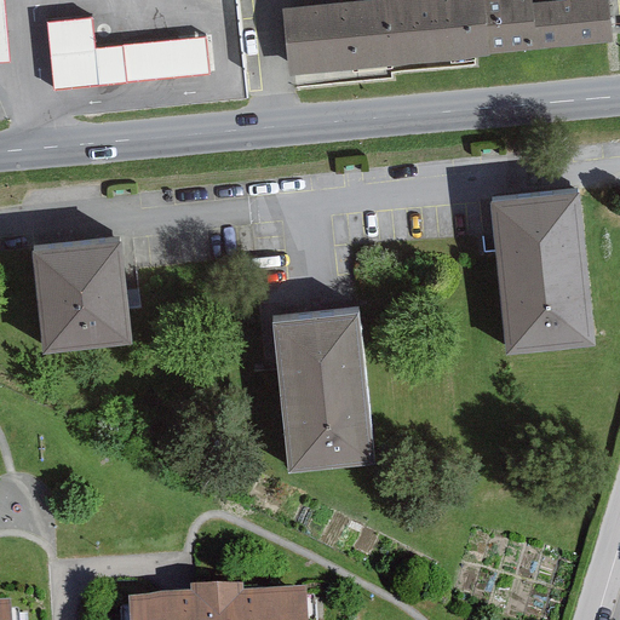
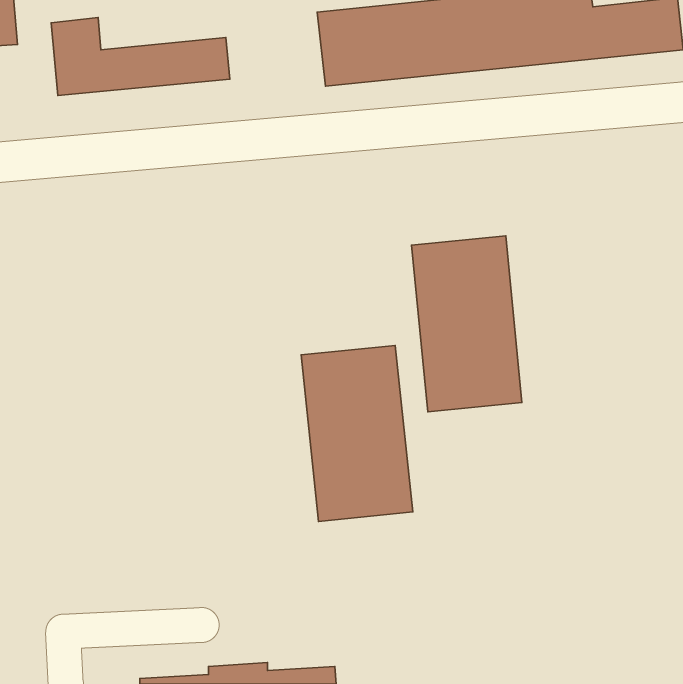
building: [493,186,592,345] -> [412,236,522,412]
building: [29,236,130,345] -> none

